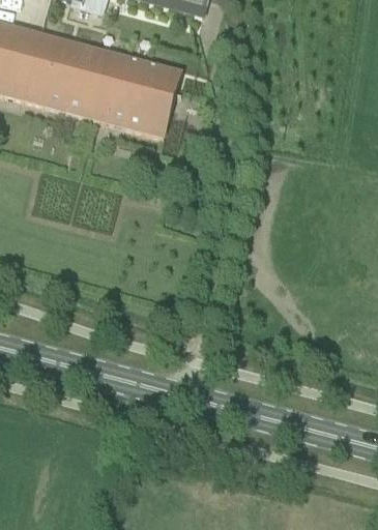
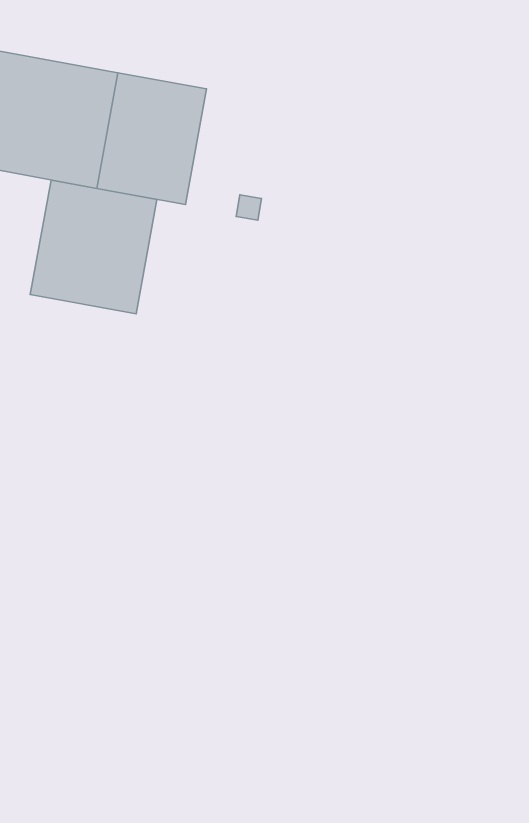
building: none -> [30,180,157,314]

